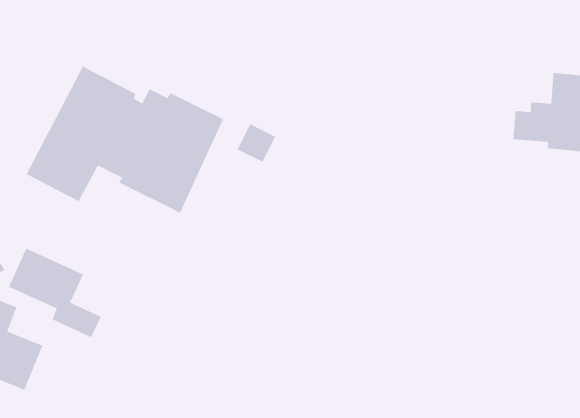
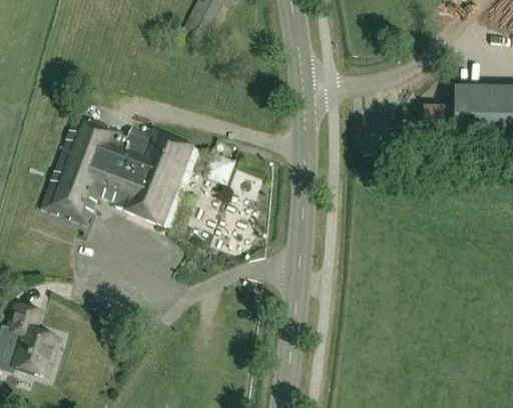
building: [8,248,102,338] -> none

